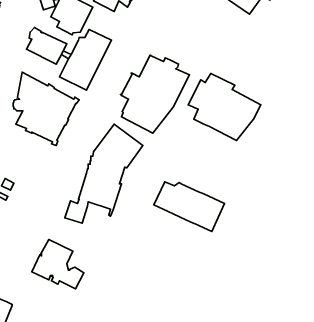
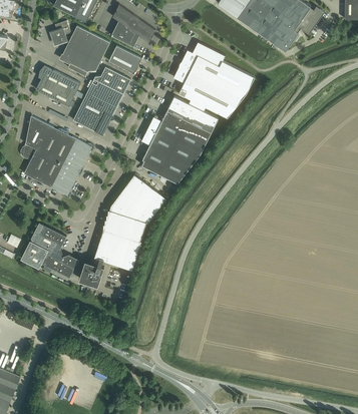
building: none -> [108,45,140,73]
building: [188,73,261,141] -> [172,42,254,117]
building: [154,182,225,232] -> none
building: [32,240,84,289] -> [20,223,78,278]

